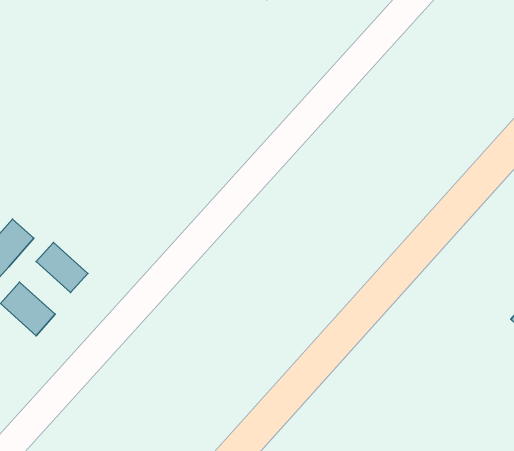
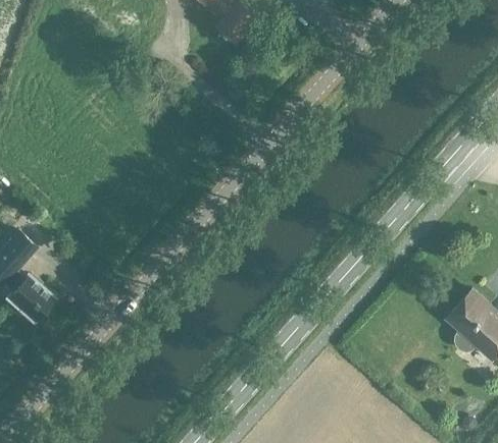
building: [36,243,88,292] -> none

